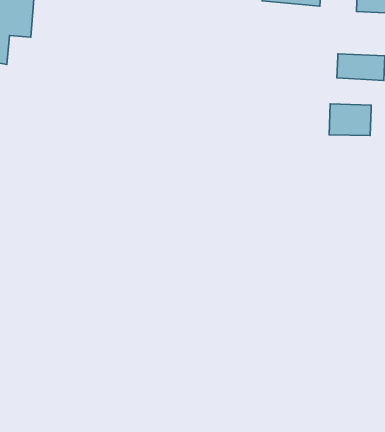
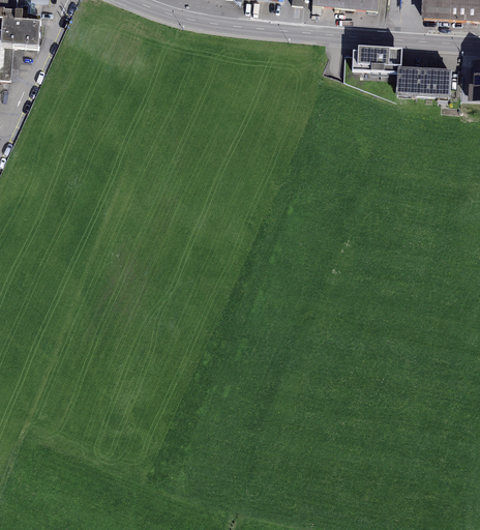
building: none -> [351,45,396,69]
building: [329,104,371,135] -> none

